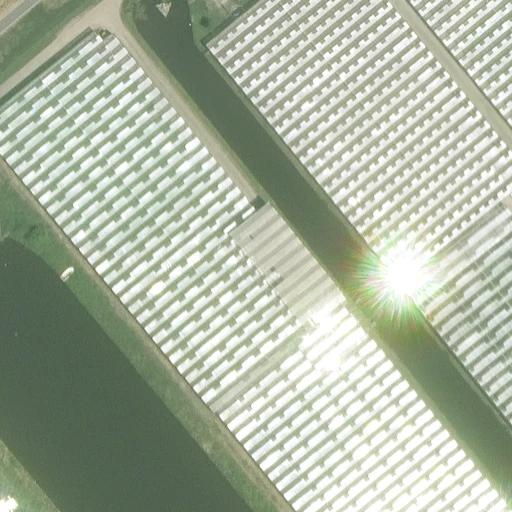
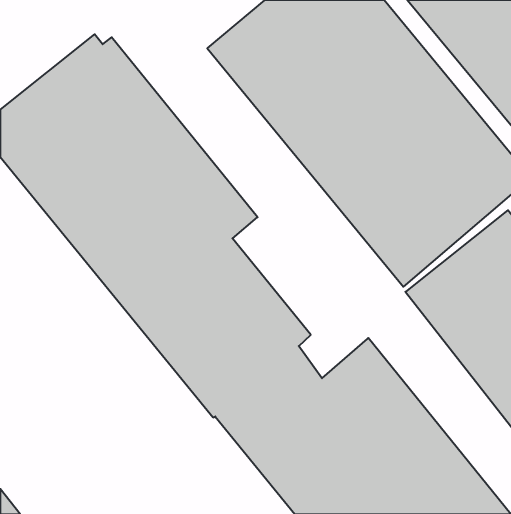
building: [234,205,368,376] -> none

